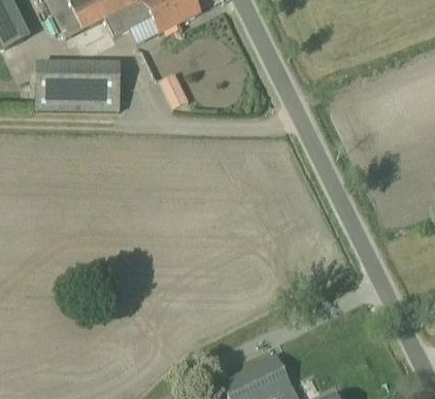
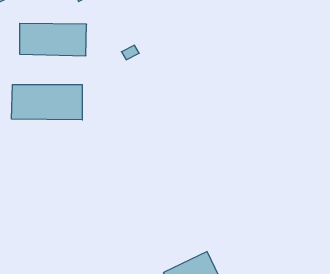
building: none -> [12,85,82,120]

